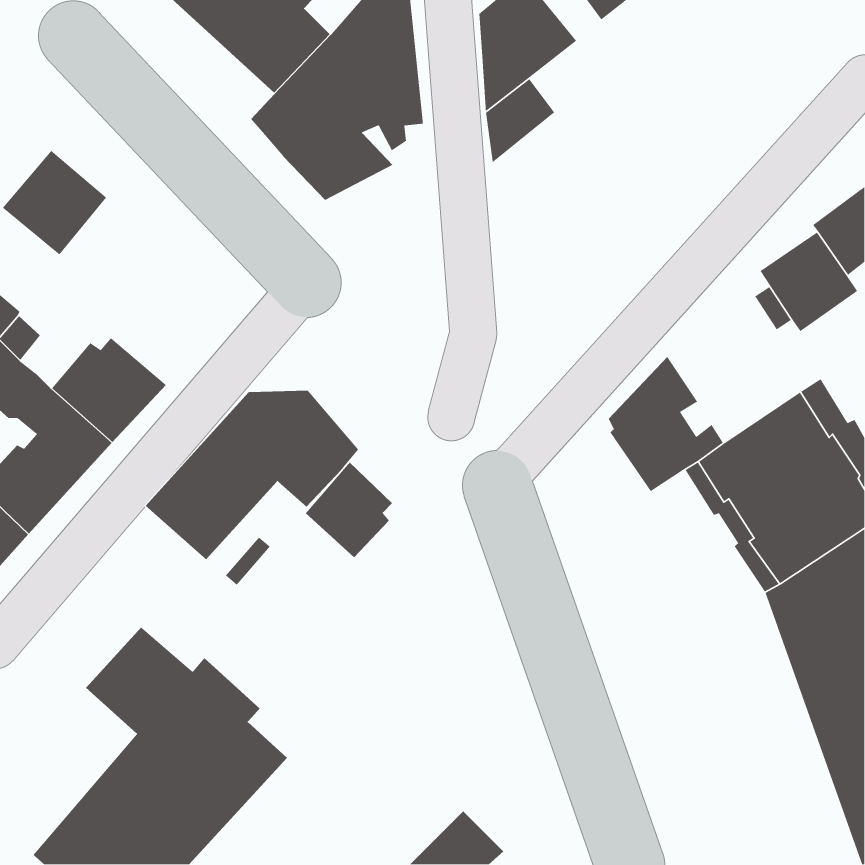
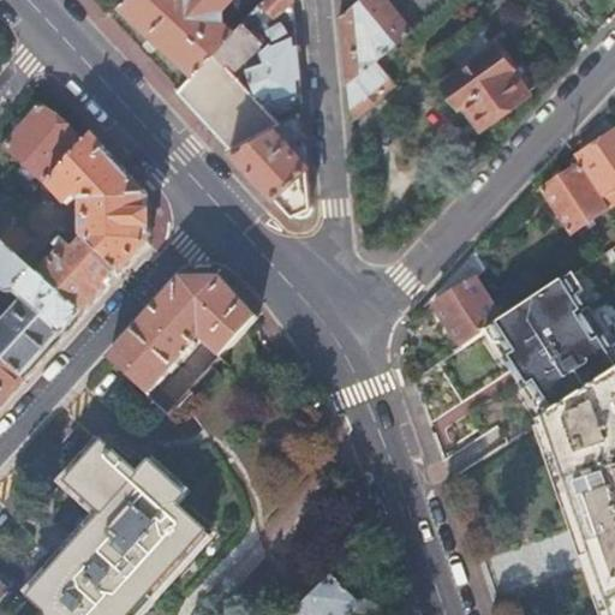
building: none -> [438,41,526,126]
building: none -> [229,117,309,208]
building: none -> [44,135,145,271]
building: [305,462,393,558] -> none

